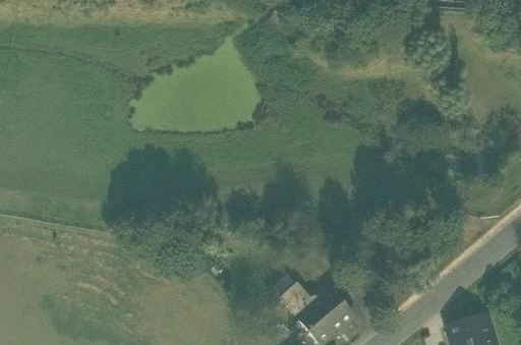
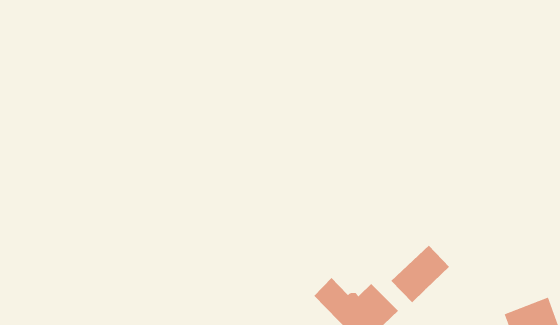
building: none -> [390,245,450,303]

